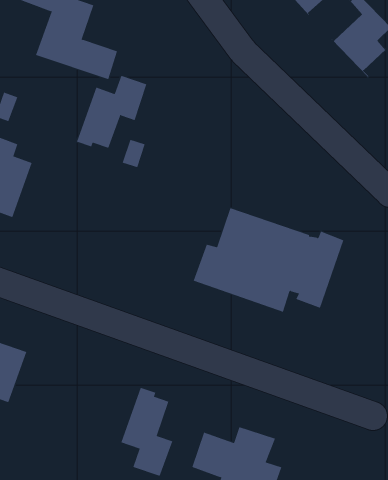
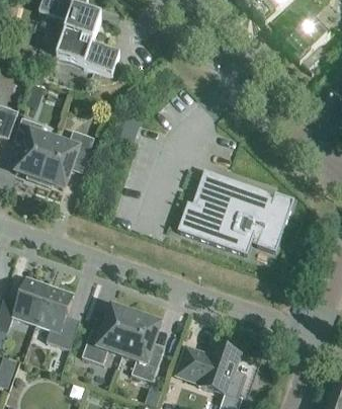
building: [76,75,147,149] -> [38,130,93,186]
building: none -> [35,284,79,348]
building: none -> [82,307,137,363]

